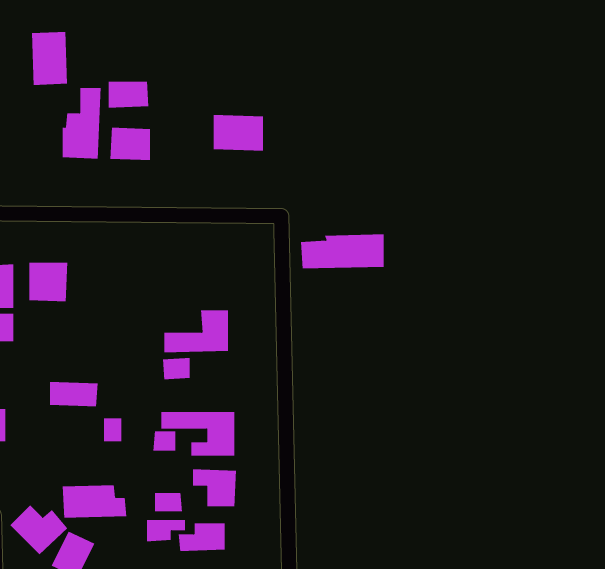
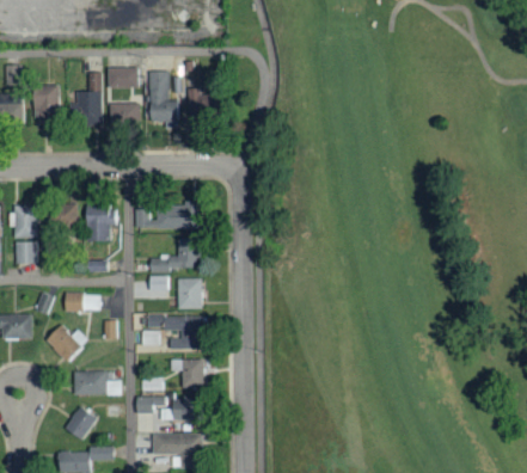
building: [31,31,68,85] -> [32,85,60,125]
building: none -> [148,70,179,124]
building: [300,234,385,269] -> [135,203,198,229]
building: none -> [84,205,118,241]
building: none -> [176,277,202,309]
building: [9,504,68,555] -> [44,324,88,362]

